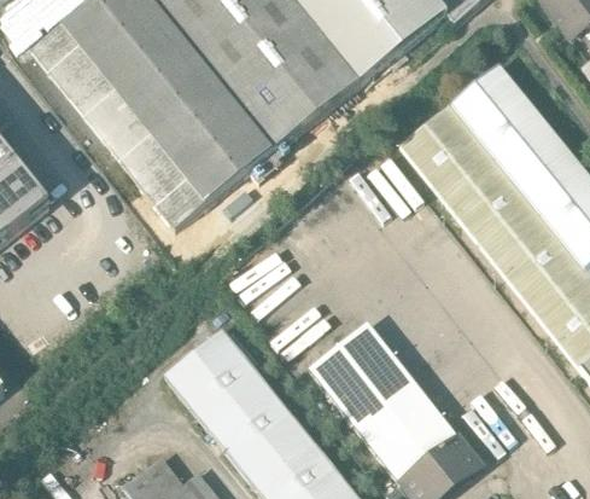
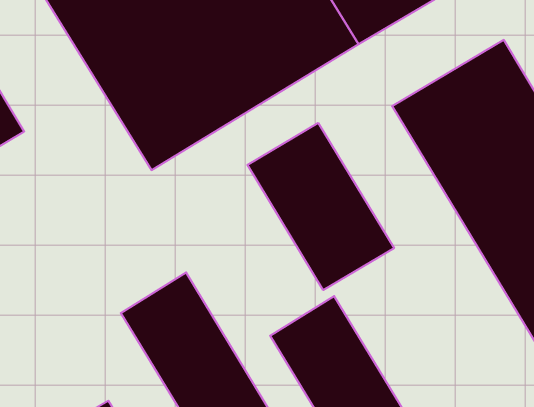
building: none -> [247,123,394,290]

